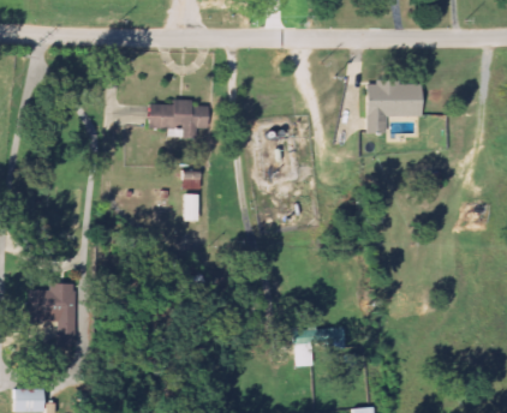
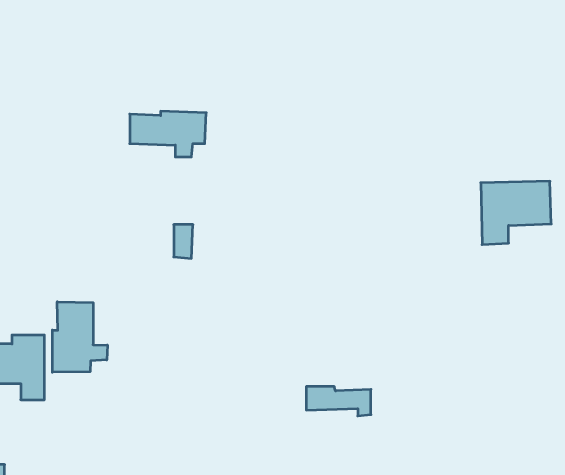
building: [364,82,422,133] -> [481,181,551,245]
building: none -> [52,302,107,372]

